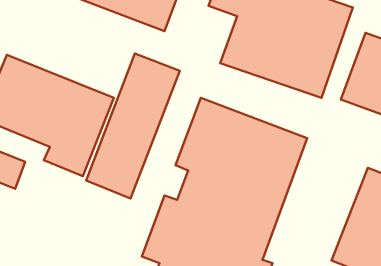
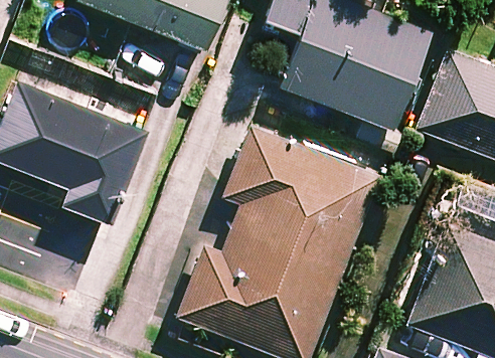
building: [86,53,180,198] -> none

